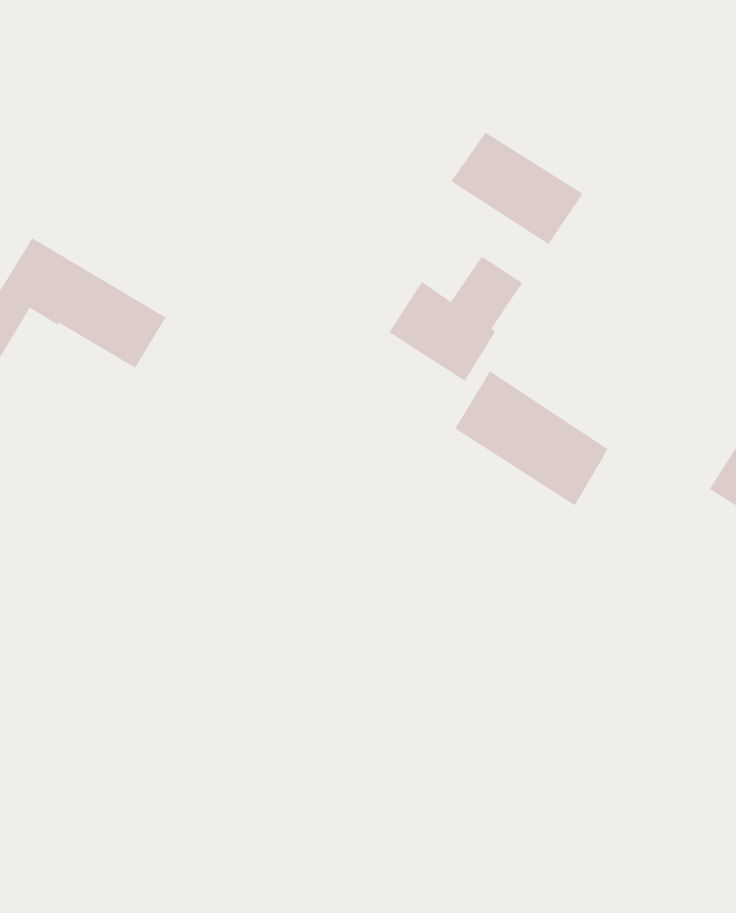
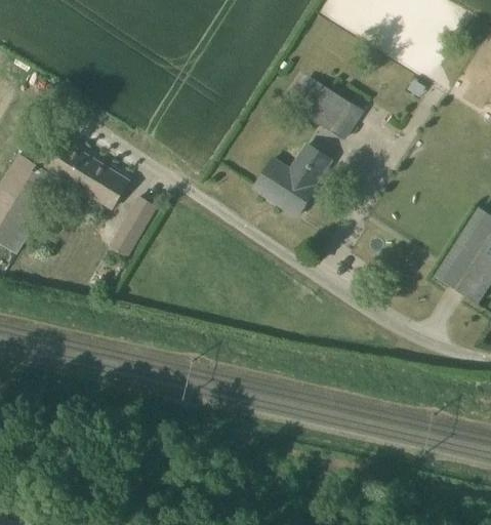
building: none -> [110,197,157,258]
building: [454,371,608,506] -> none

